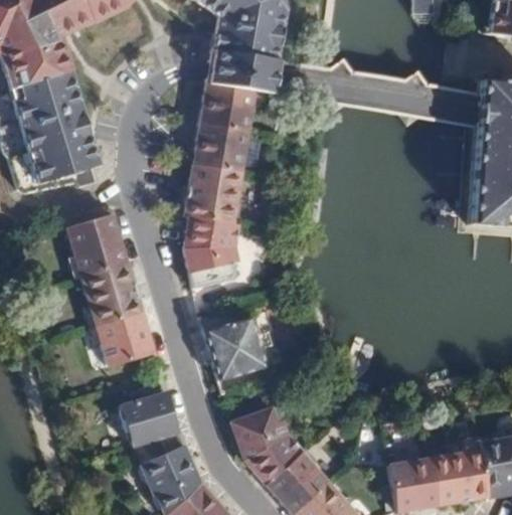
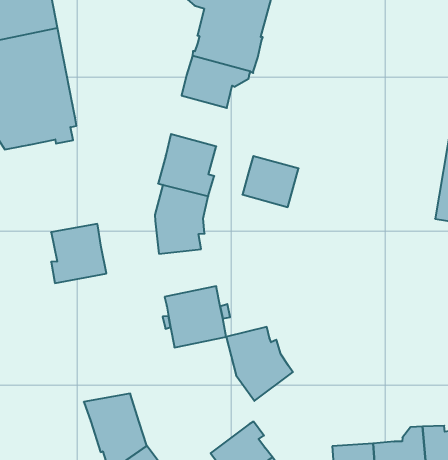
building: [193,124,247,172] -> [242,156,299,207]
building: [66,213,128,278] -> none
building: [91,312,154,365] -> none
building: [120,391,178,445] -> none
building: [230,407,302,484] -> [226,327,293,401]

